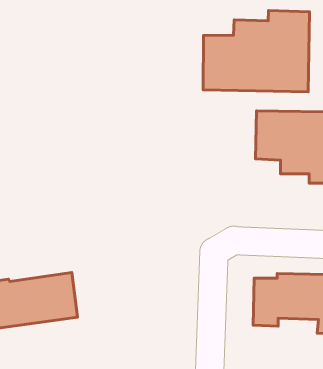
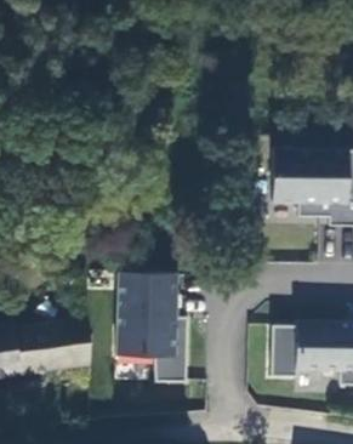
building: [203,10,309,92] -> none
building: none -> [116,269,188,382]

